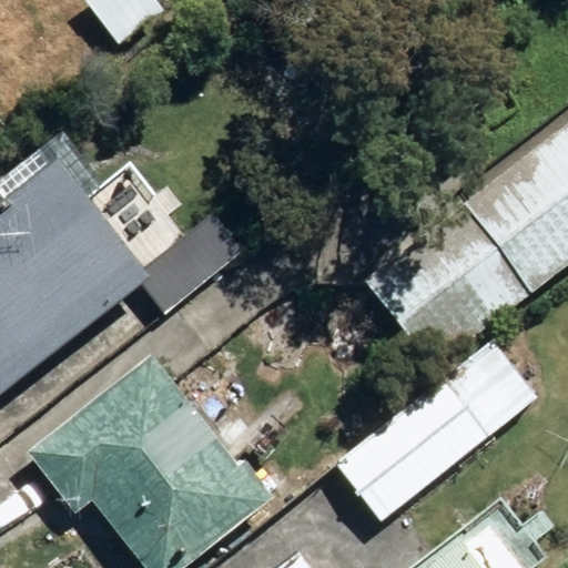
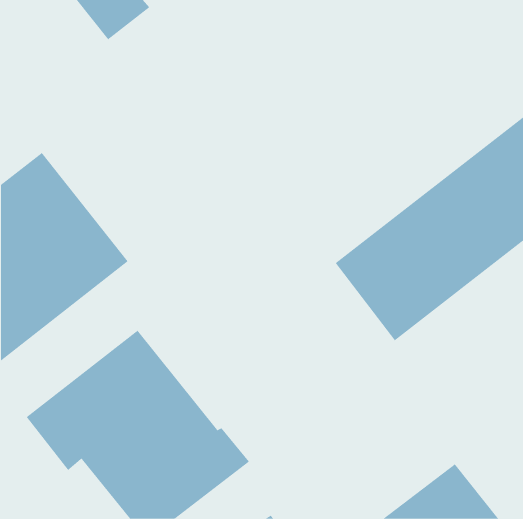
building: [334,342,536,523] -> none

